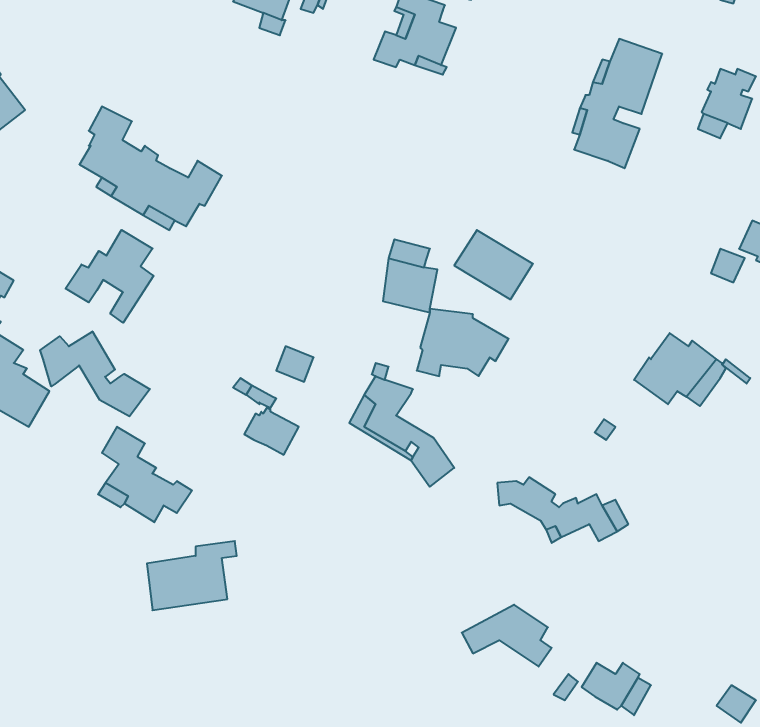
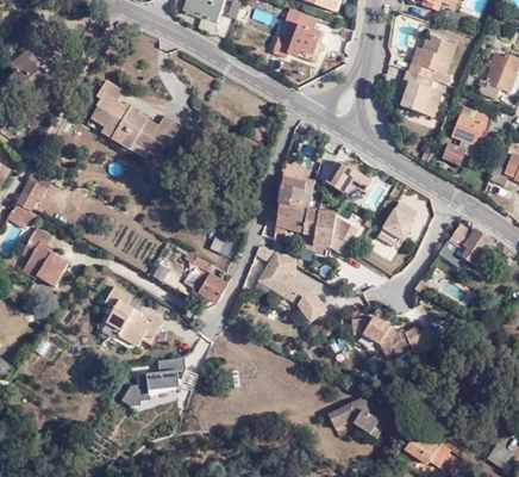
building: none -> [442,100,502,166]
building: [66,230,154,323] -> none
building: none -> [274,203,308,231]
building: none -> [374,205,413,259]
building: [40,331,150,416] -> none

